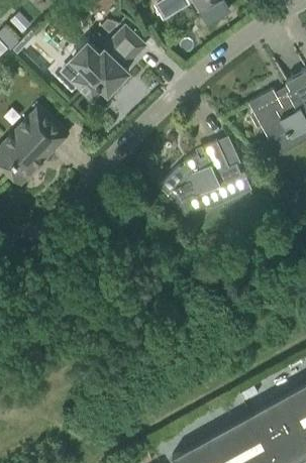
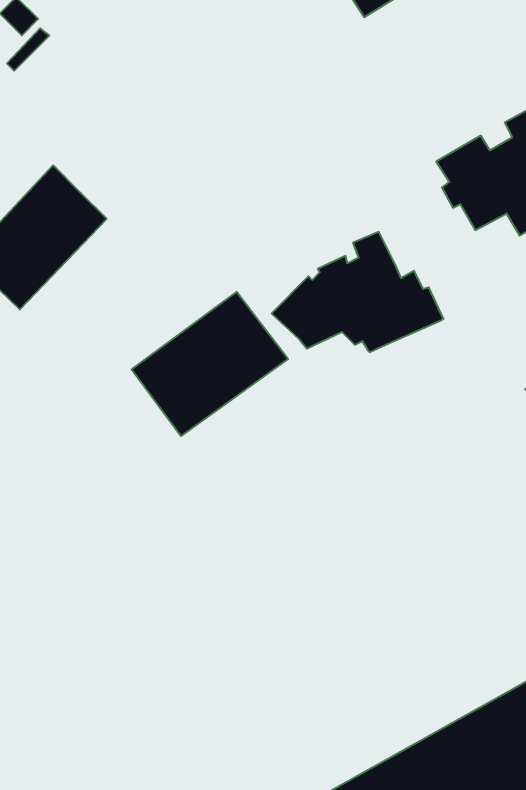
building: [72,28,145,102] -> none
building: none -> [132,292,288,436]

